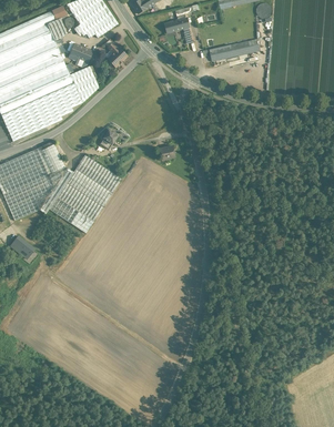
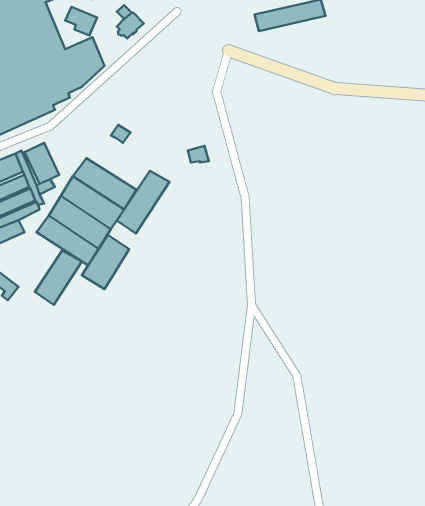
building: none -> [117,171,170,234]
building: none -> [82,235,129,289]
building: none -> [35,250,82,305]

